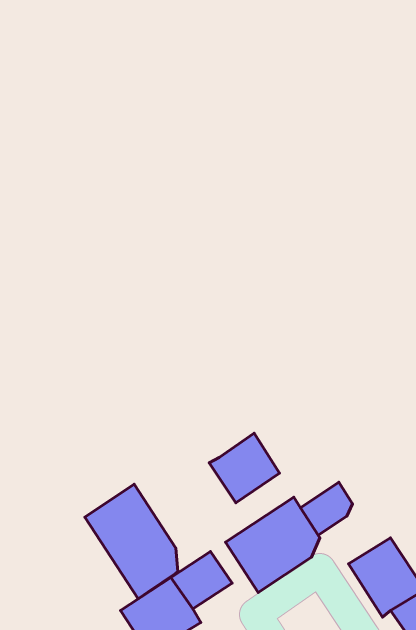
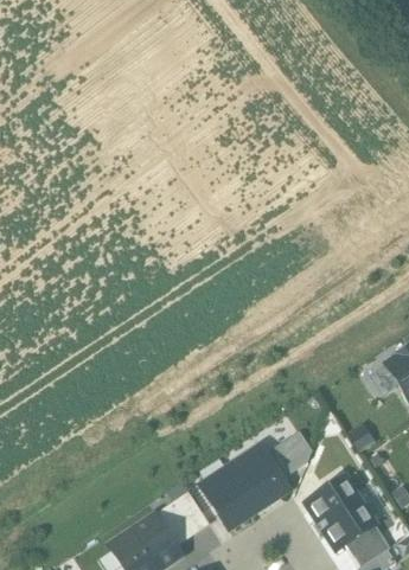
building: [209,433,279,503] -> none
building: [85,484,178,599] -> none

